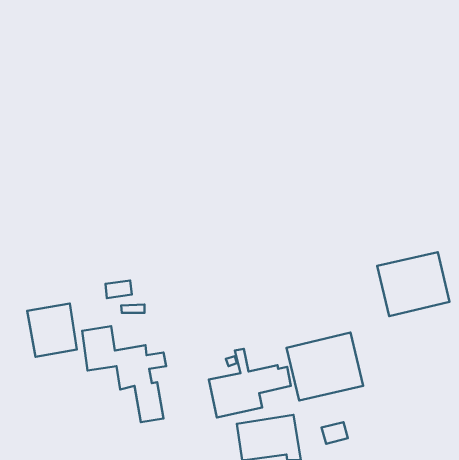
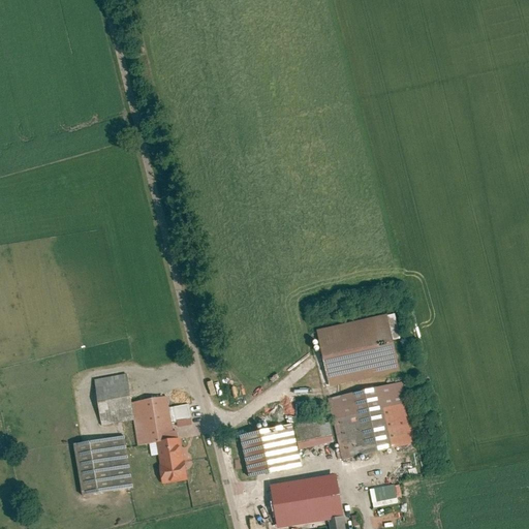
building: [377,252,450,316] -> [316,313,399,386]
building: [105,281,132,298] -> none
building: [27,304,77,357] -> [75,434,132,495]

